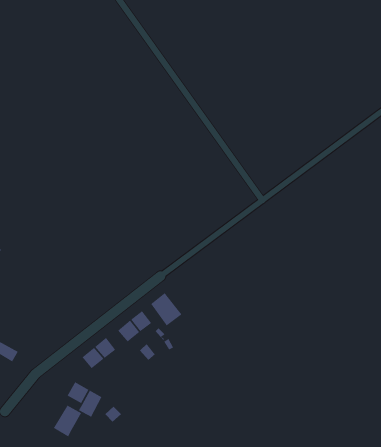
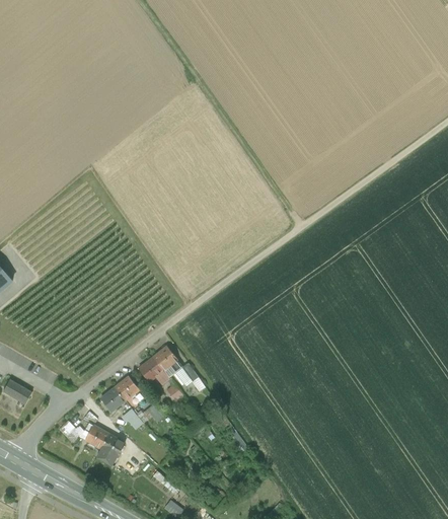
building: [150,292,182,326] -> none
building: [53,405,82,437] -> none

